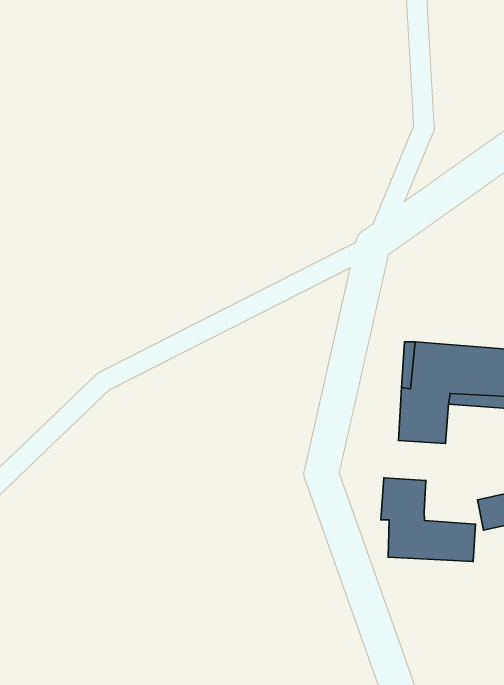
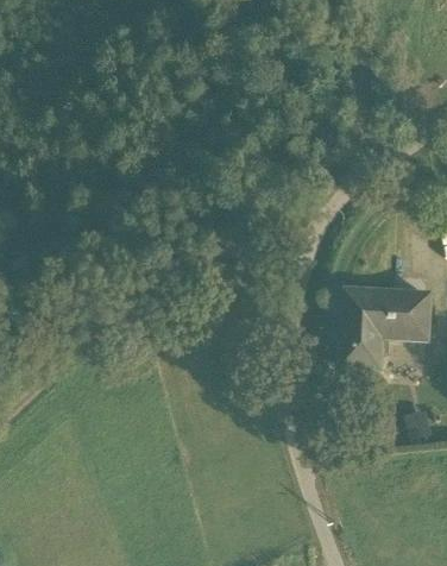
building: [381,478,475,562] -> none

